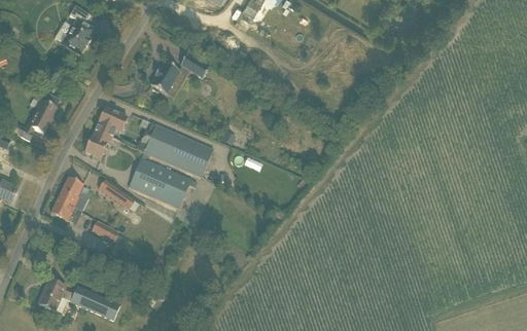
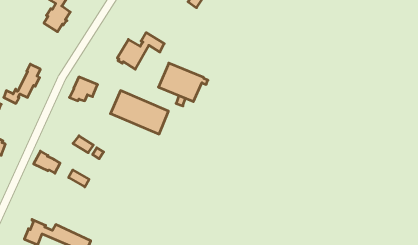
building: [84,133,111,159] -> none
building: [136,161,196,208] -> [158,63,208,102]
building: [58,177,82,208] -> none

